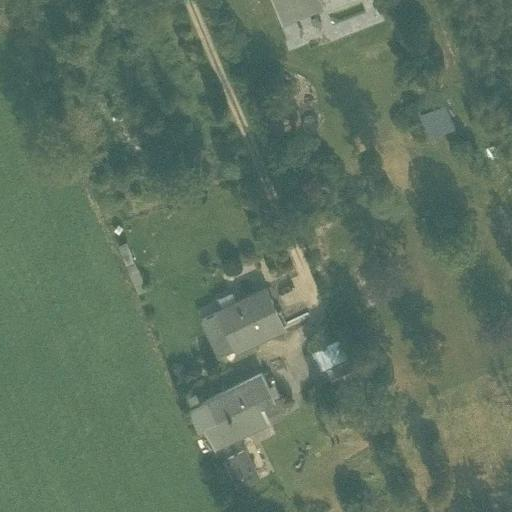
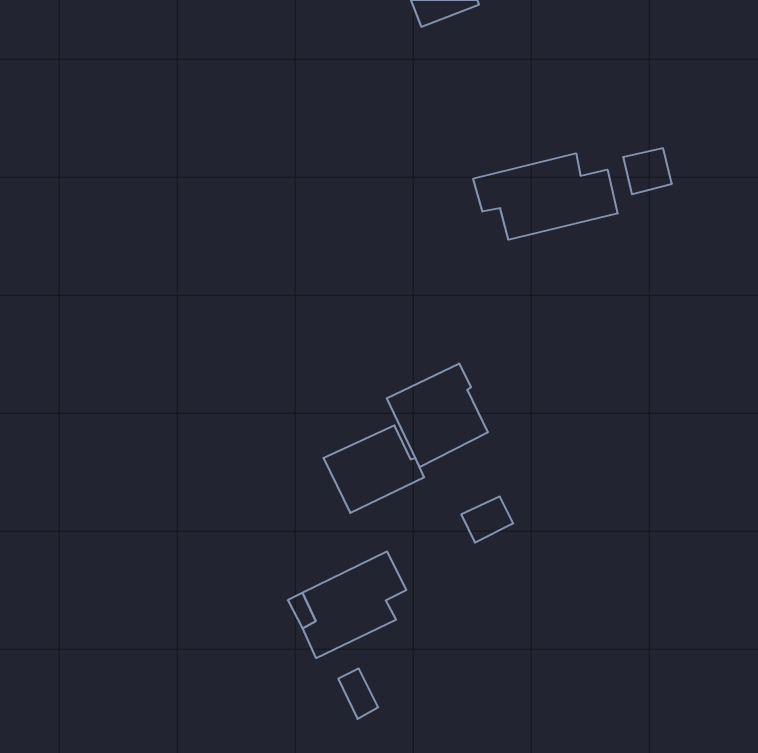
building: none -> [473,153,618,240]
building: none -> [387,363,488,467]
building: [201,312,236,357] -> none

